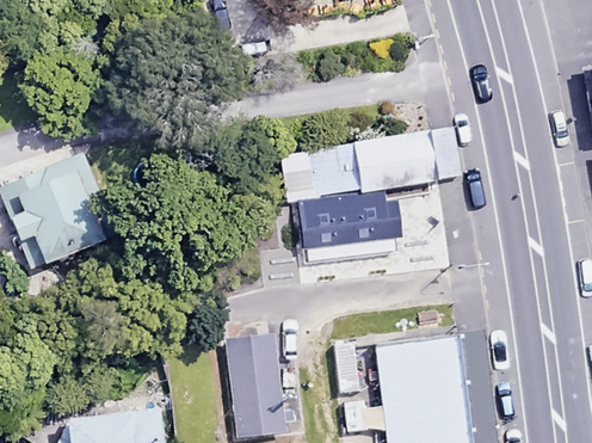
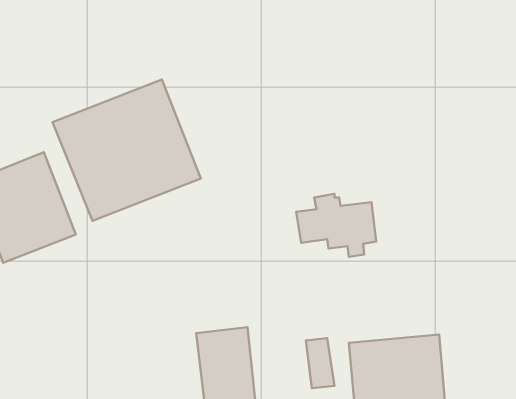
building: none -> [52,79,201,221]
building: [284,141,437,207] -> none

